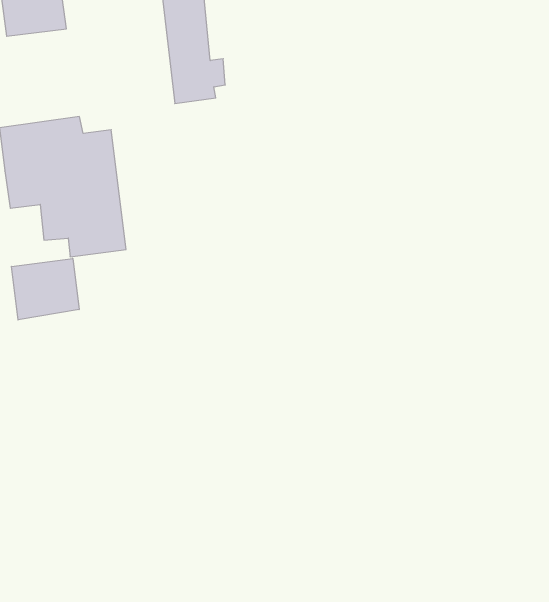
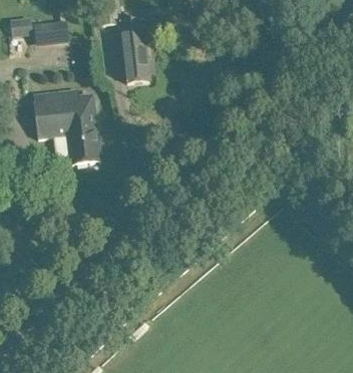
building: [11,258,79,320] -> none

